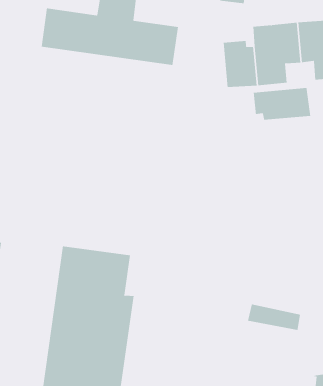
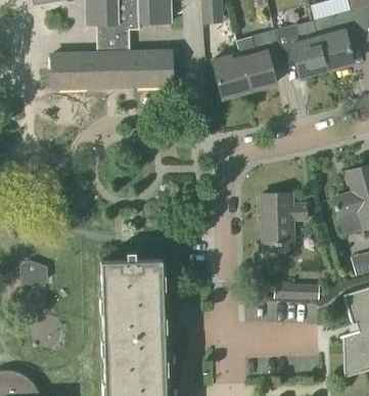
building: [253,87,311,121] -> none
building: none -> [262,193,309,245]

